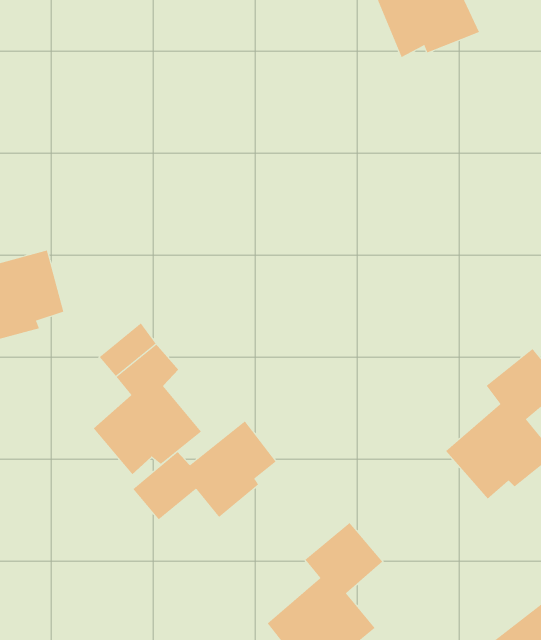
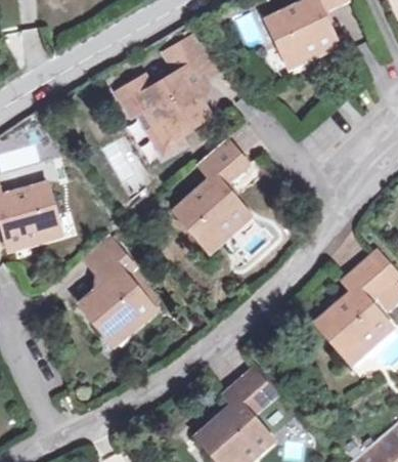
building: none -> [123,43,223,151]
building: none -> [172,139,251,244]
building: [132,421,276,520] -> none

